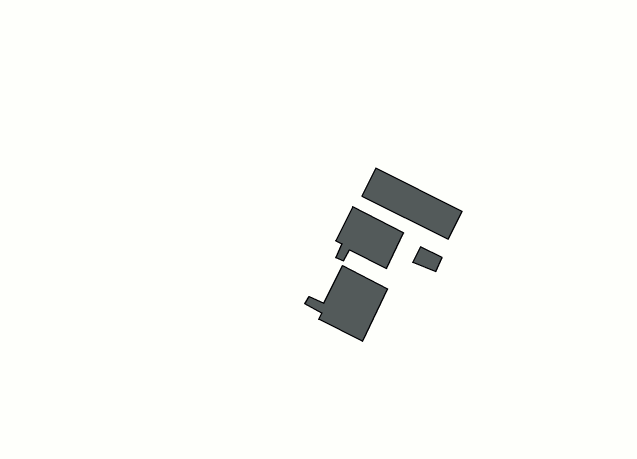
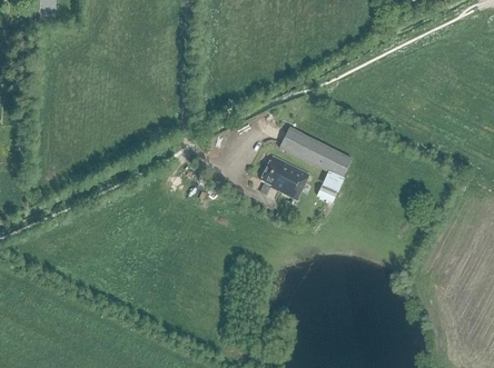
building: [305,266,388,341] -> none

